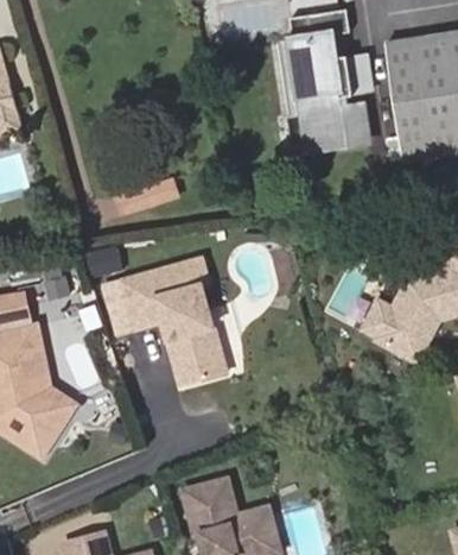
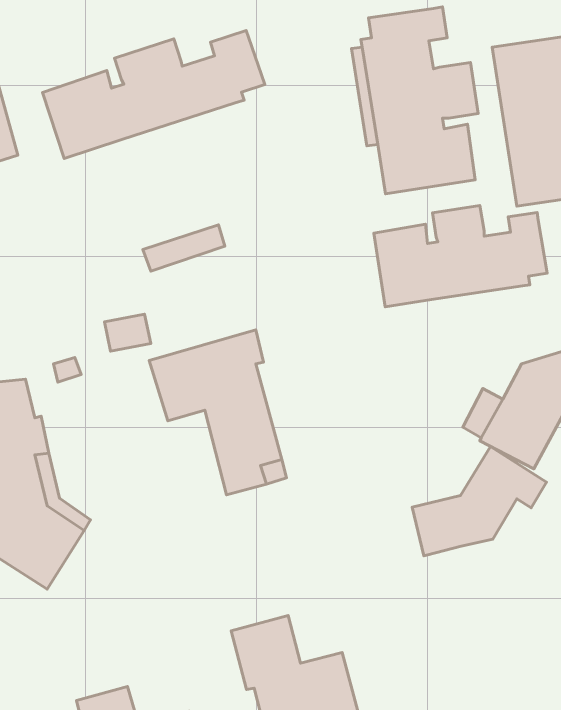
building: none -> [43,30,265,158]
building: none -> [374,205,547,307]
building: none -> [412,446,547,556]

